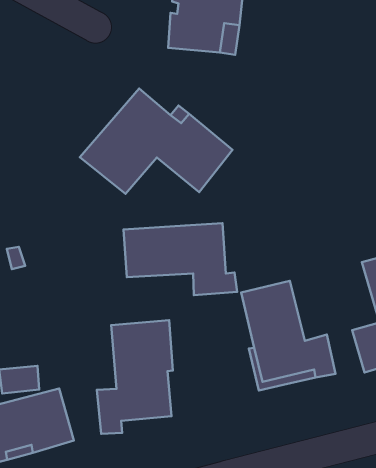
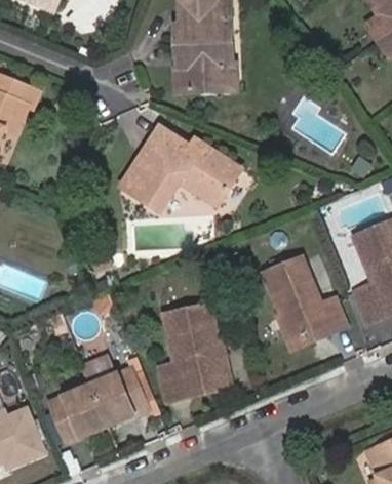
building: [124,223,237,295] -> none
building: none -> [183,341,233,397]

